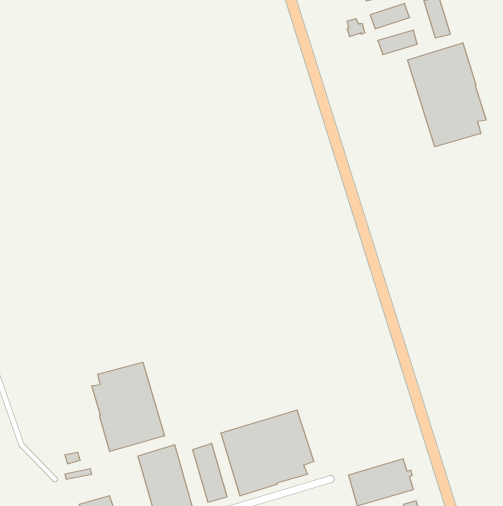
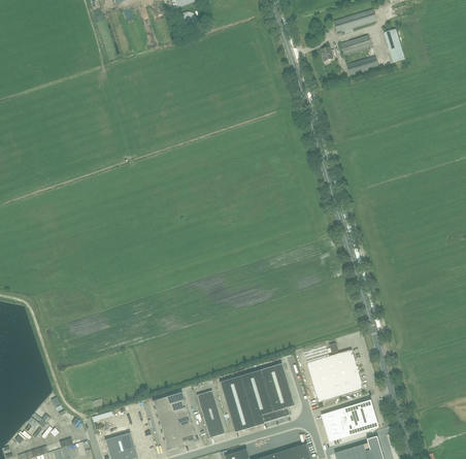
building: [407,43,486,147] -> none
building: [92,362,164,452] -> none
building: none -> [306,342,363,402]

